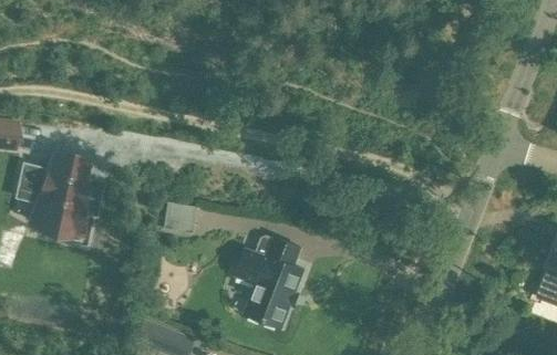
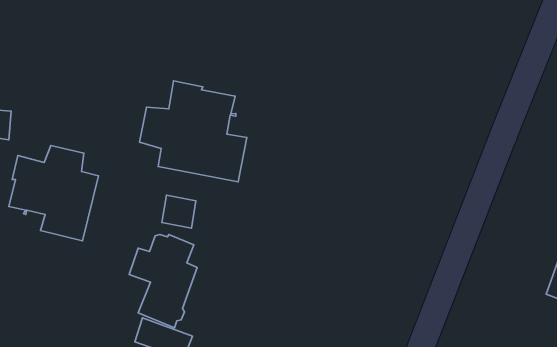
building: none -> [140,81,247,182]
building: [238,238,305,328] -> [129,235,197,328]

